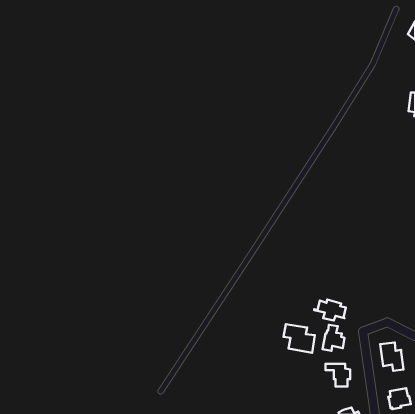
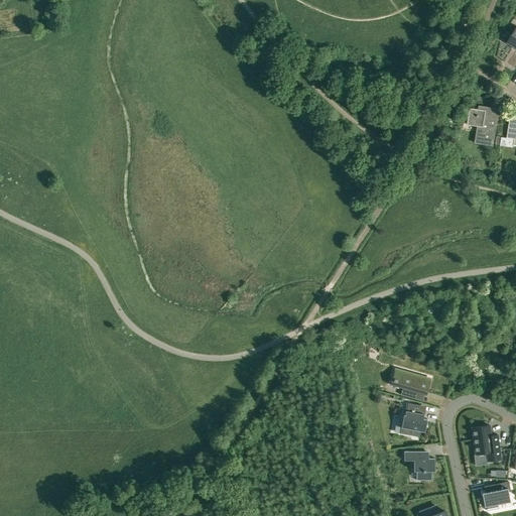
building: none -> [467,107,499,147]
building: [284,324,315,353] -> none

